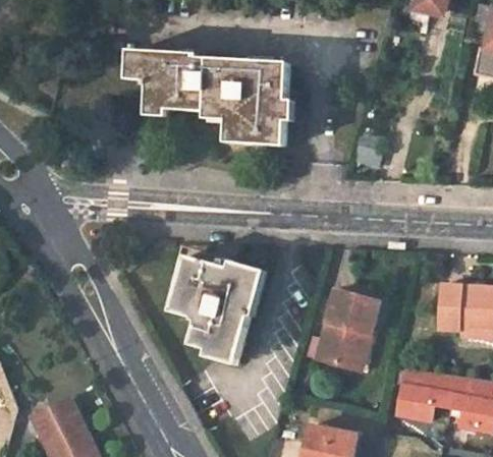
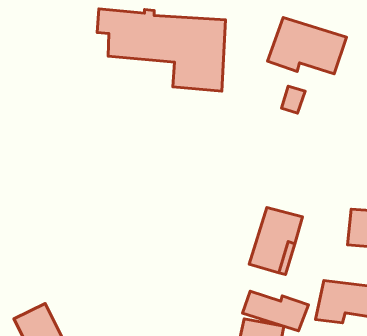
building: none -> [268,18,346,74]
building: [169,251,257,356] -> none
building: none -> [242,291,309,331]

